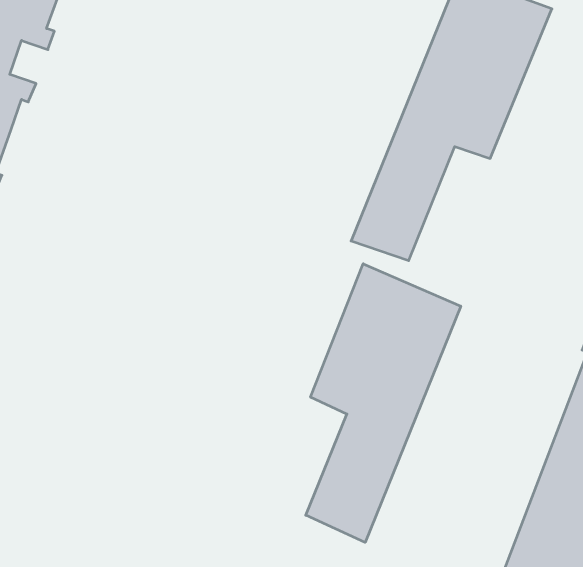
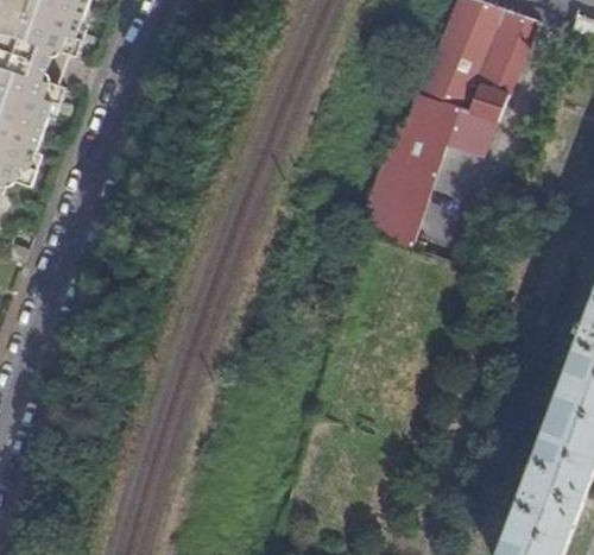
building: [306,264,461,542] -> none

